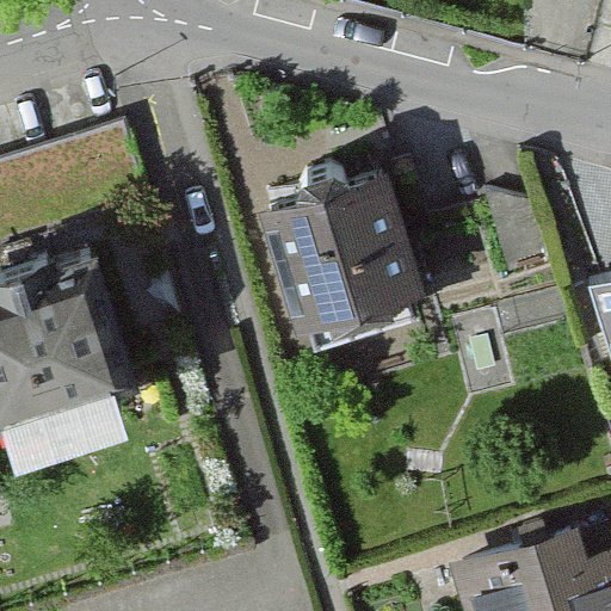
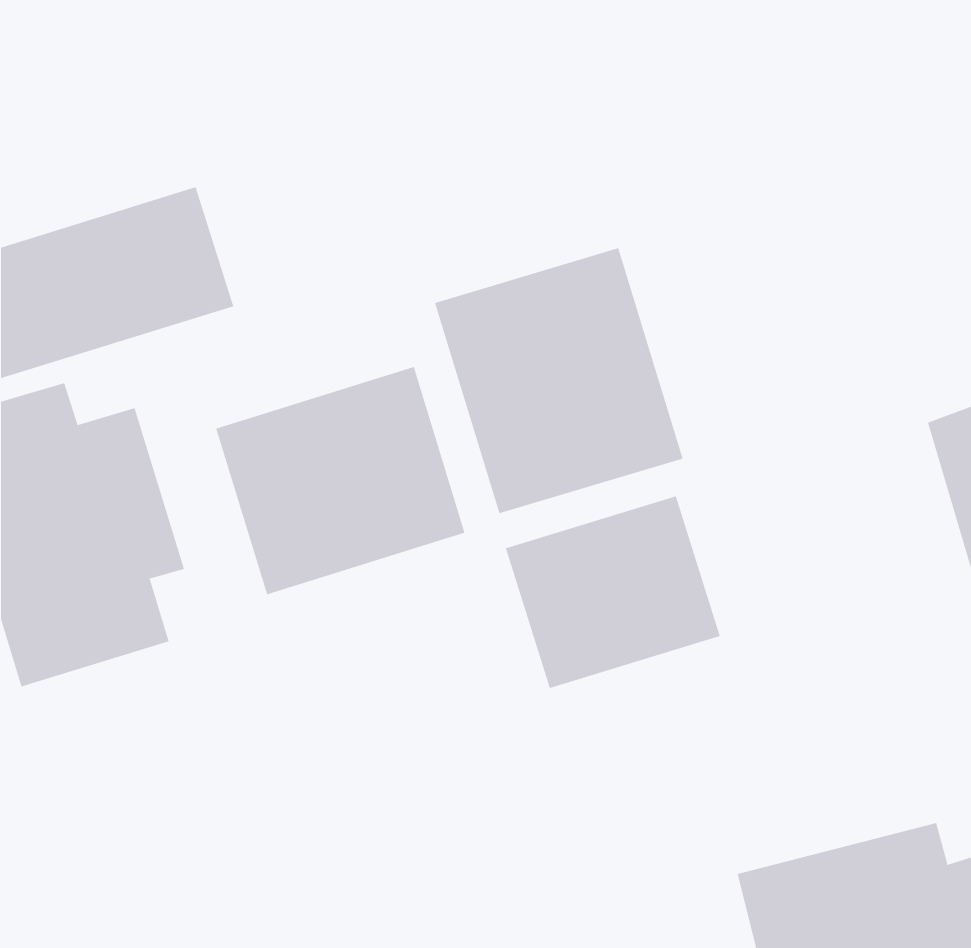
building: none -> [216,366,465,595]
building: none -> [505,495,720,689]

